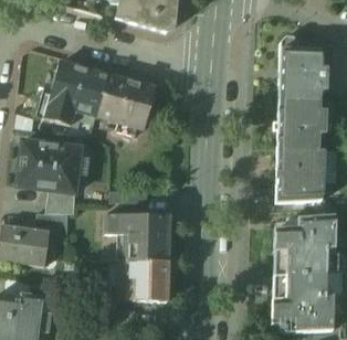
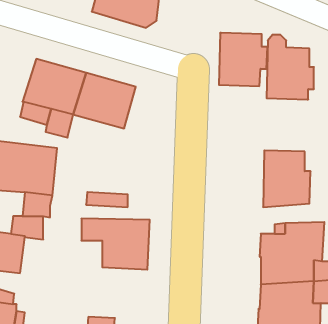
building: [278,99,325,150] -> [219,33,268,86]
building: [116,261,167,300] -> none

